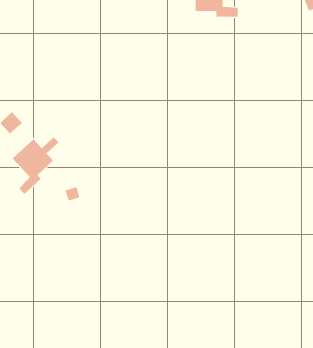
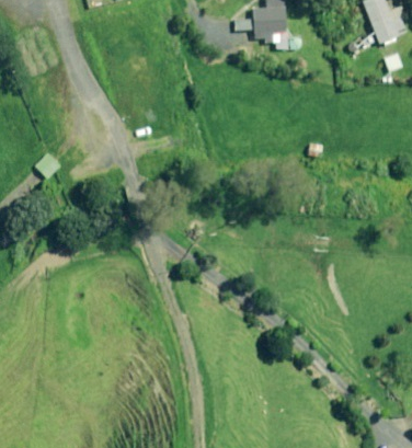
building: [12,137,59,195] -> none

